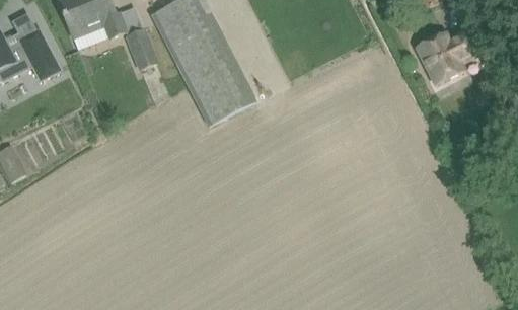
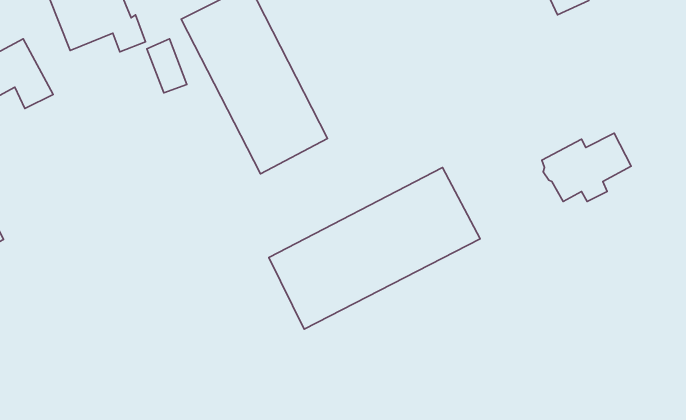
building: [417,27,480,76] -> [542,133,631,202]
building: none -> [269,168,480,329]

